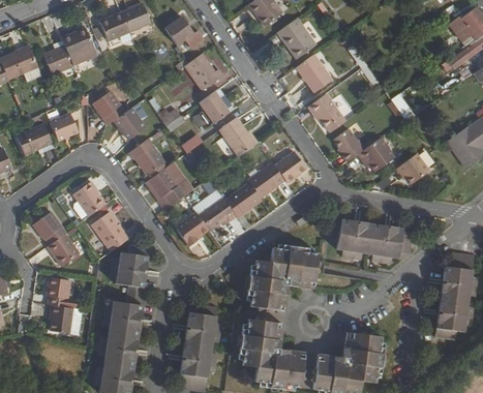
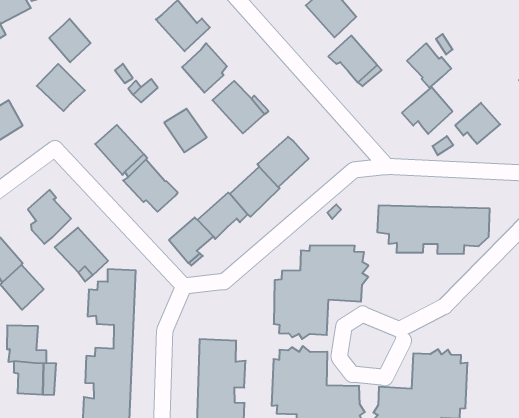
building: [115,108,145,140] -> [49,19,91,62]
building: [333,128,365,161] -> [407,43,451,88]
building: [275,151,307,183] -> none

